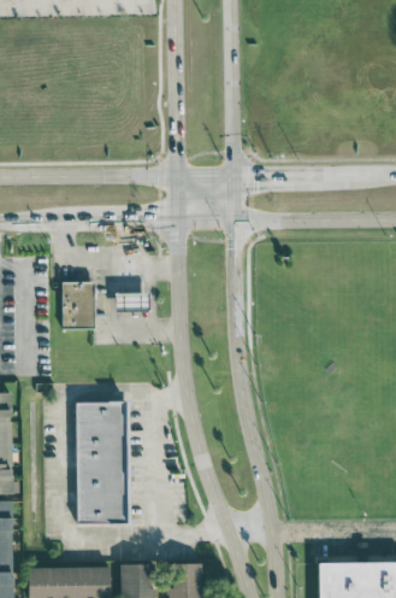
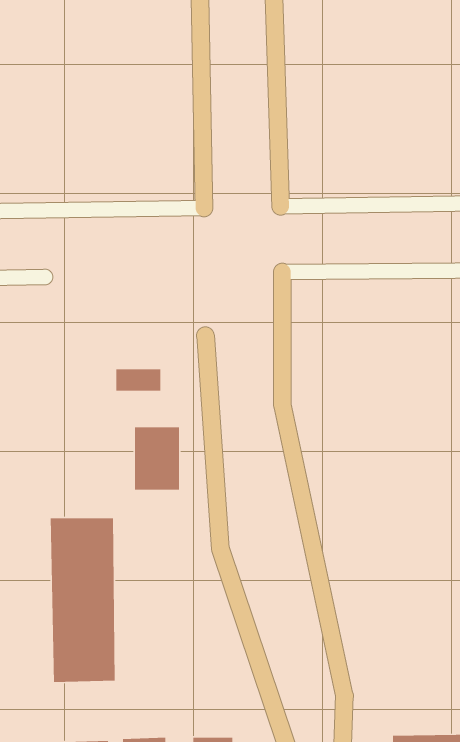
building: [66,282,100,329] -> [134,427,180,490]

